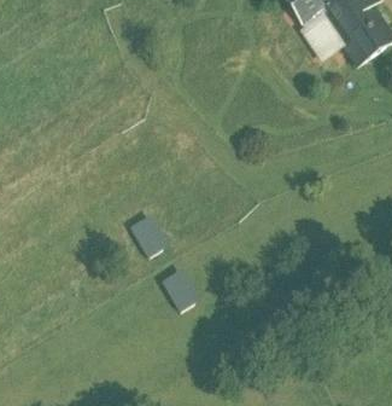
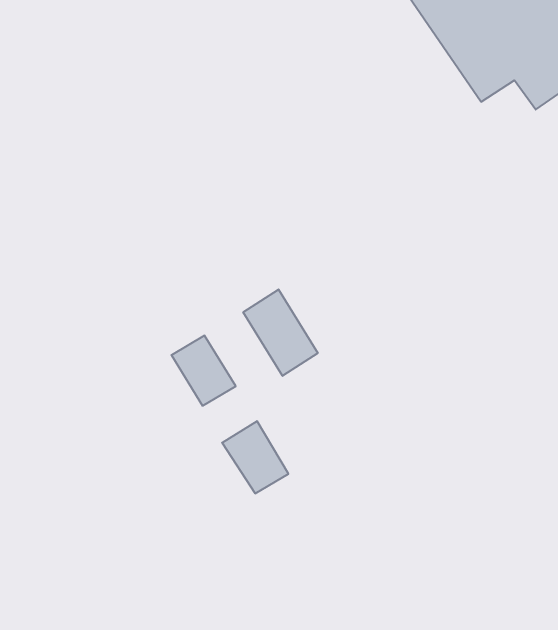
building: none -> [243,289,318,376]

